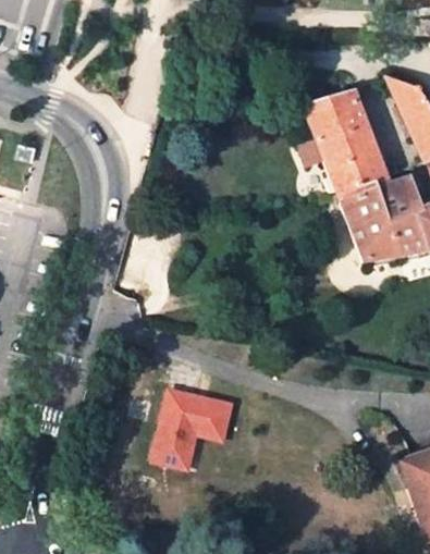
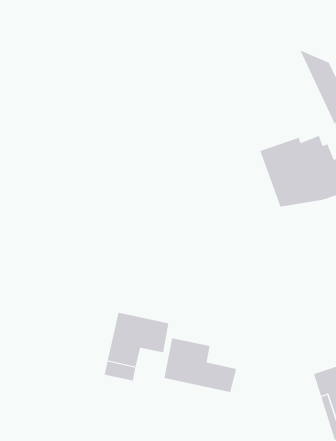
building: [299,93,385,196] -> none
building: none -> [164,337,237,393]

